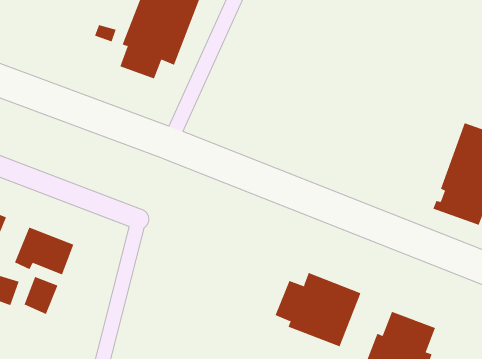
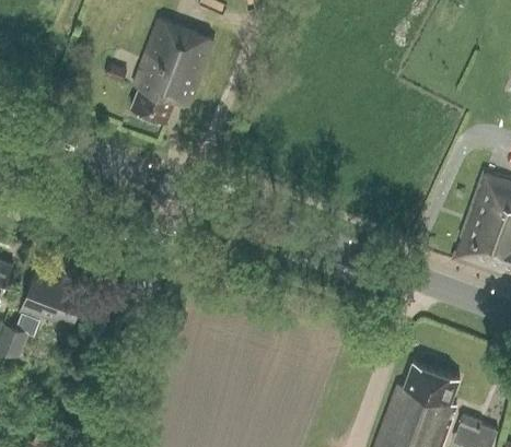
building: [275,272,361,347] -> none
building: [24,276,58,315] -> none

